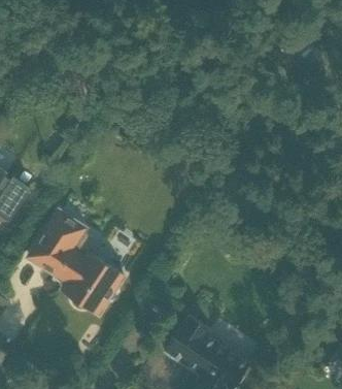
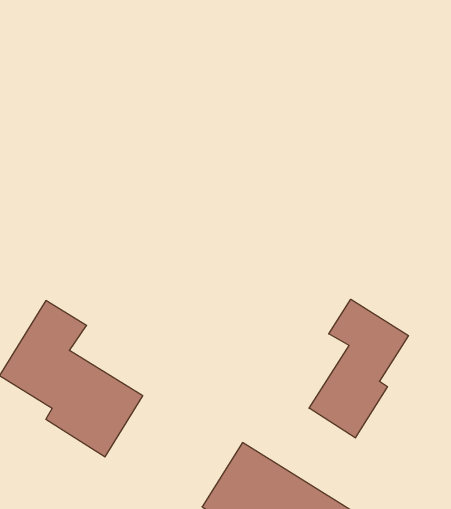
building: none -> [309,299,408,438]

